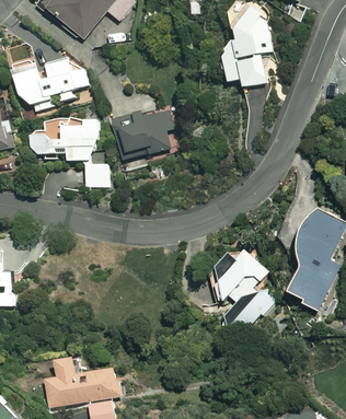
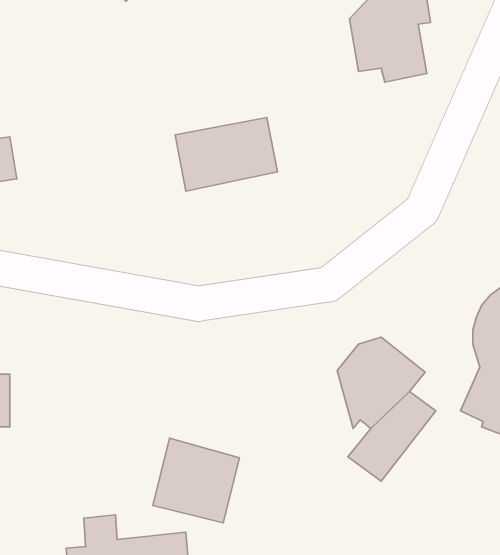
building: [10,56,90,109] -> none
building: [30,118,108,185] -> none
building: none -> [153,438,240,523]

